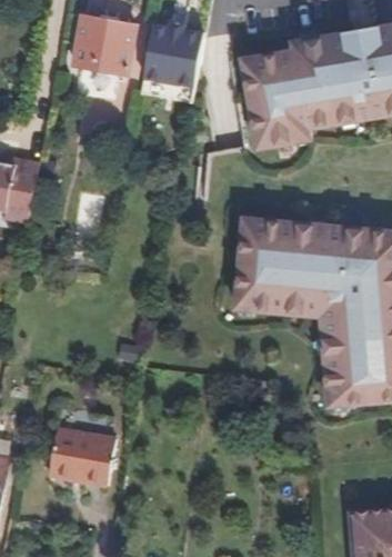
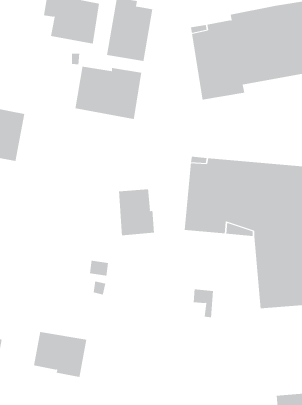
building: none -> [75,66,142,120]
building: none -> [118,188,155,236]

